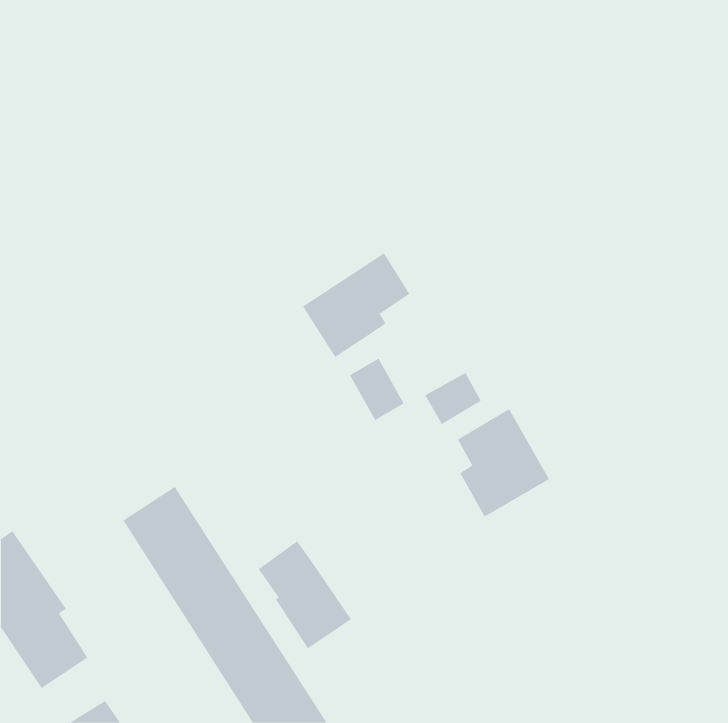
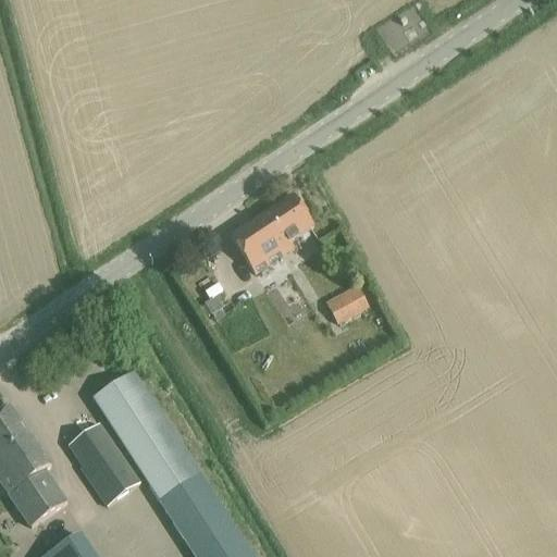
building: [457,408,550,518] -> none
building: [258,541,352,649] -> [69,422,140,505]

